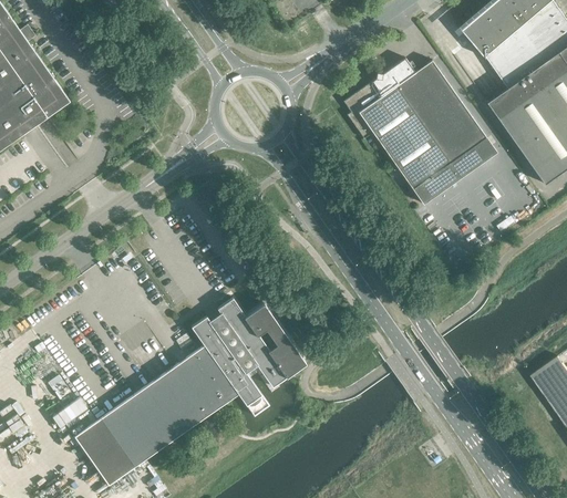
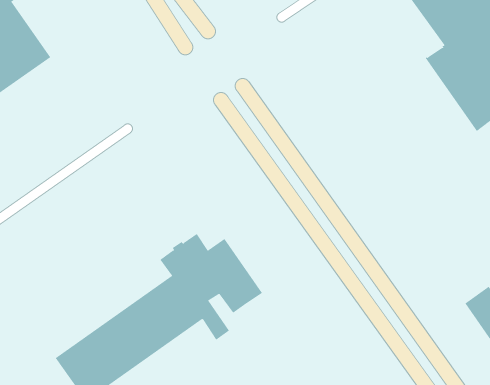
building: [342,59,496,205] -> none

